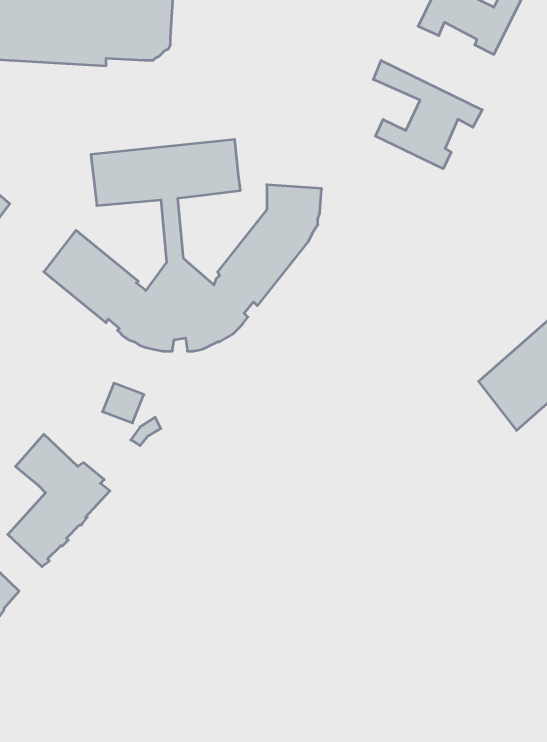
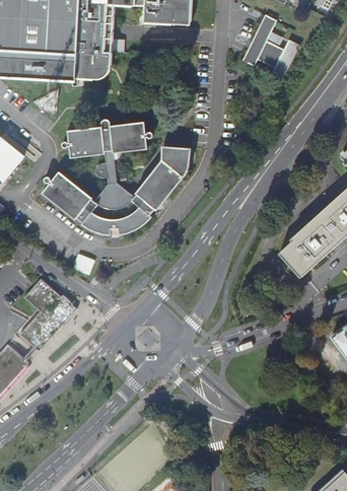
building: [373,60,482,169] -> none

